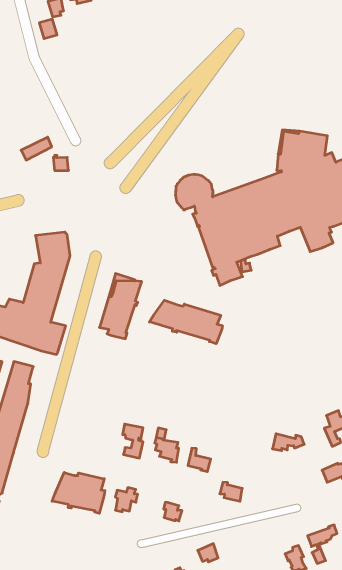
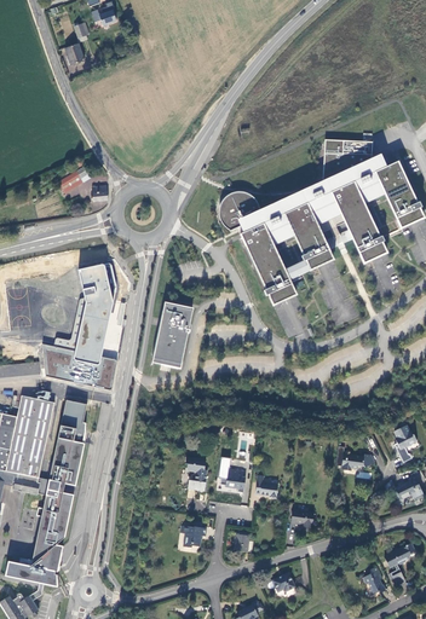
building: [149,300,222,344] -> none
building: [52,472,105,513] -> none

